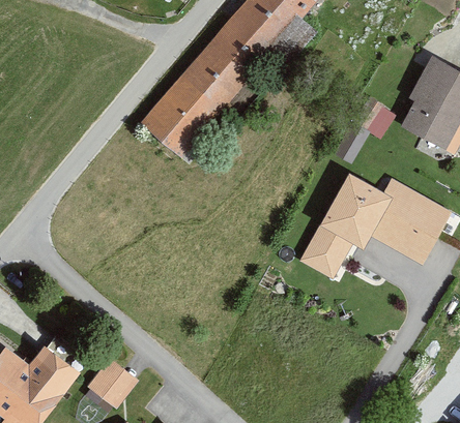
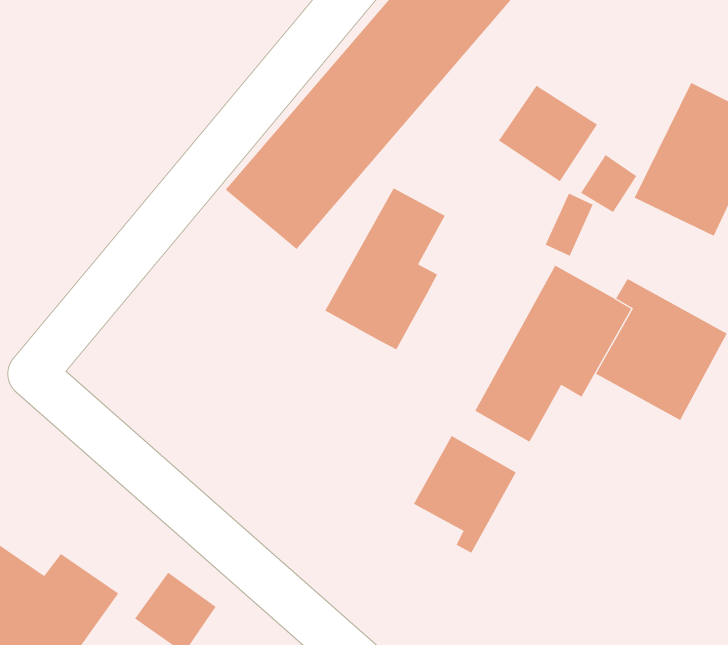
building: none -> [498,85,598,182]
building: none -> [325,188,446,350]
building: none -> [413,435,517,553]

